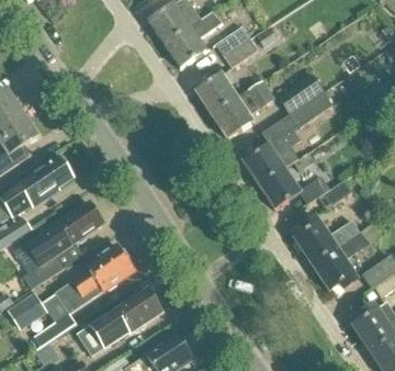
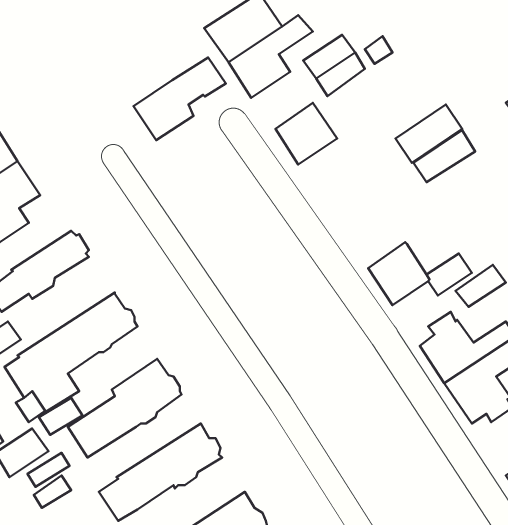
building: [213,81,275,137] -> [133,58,226,140]
building: [244,128,302,184] -> none

